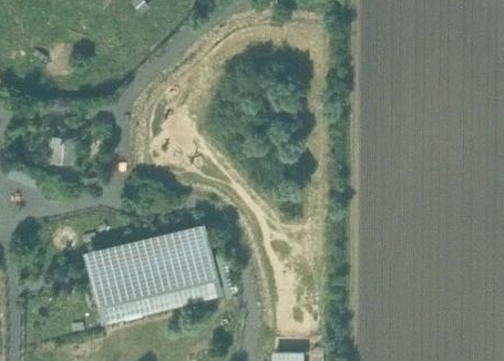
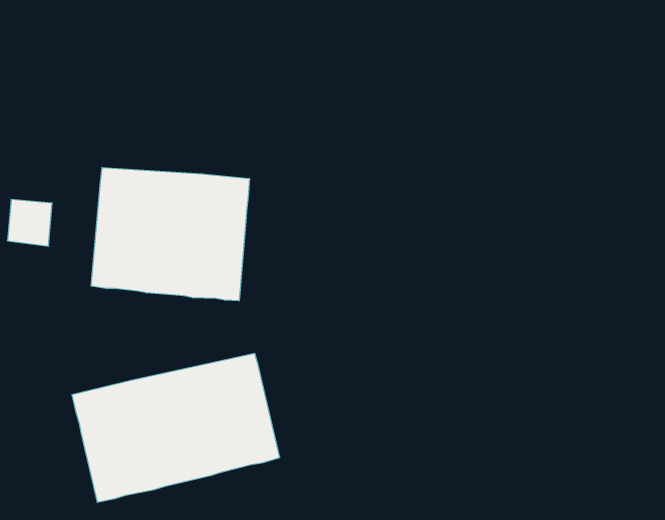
building: none -> [91,167,250,301]

